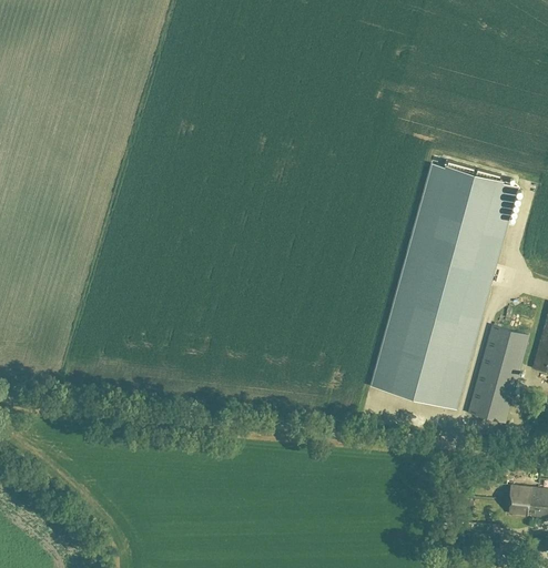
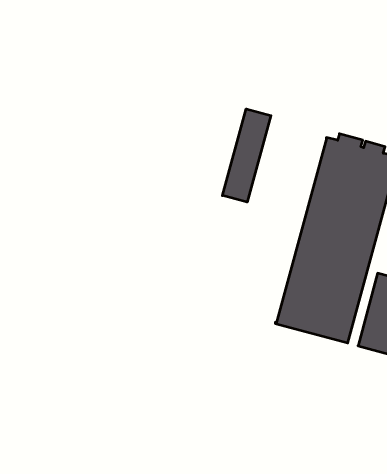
building: none -> [222,109,271,202]

